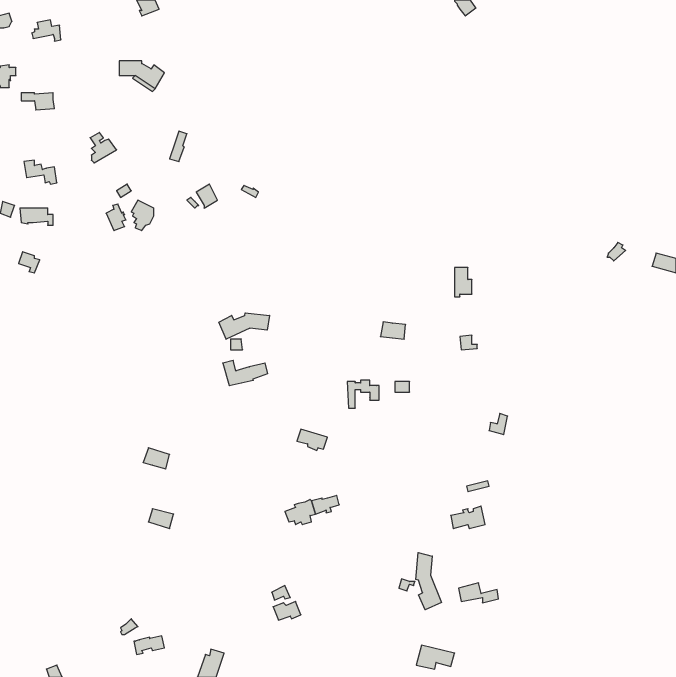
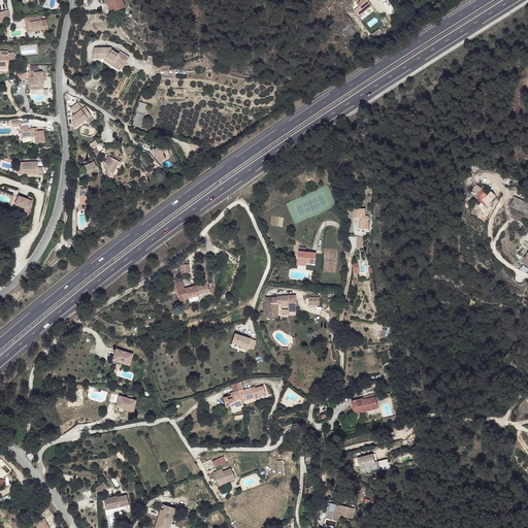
building: [219,313,270,339] -> none
building: [416,553,441,610] -> none

